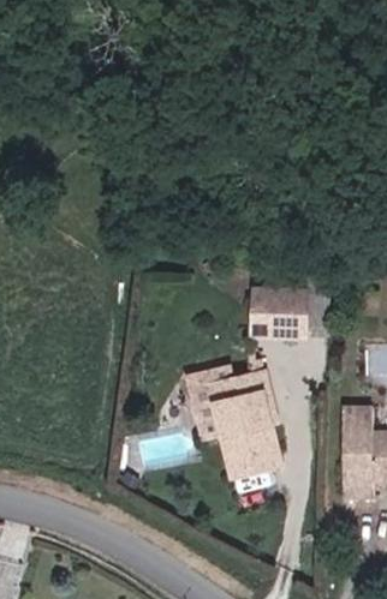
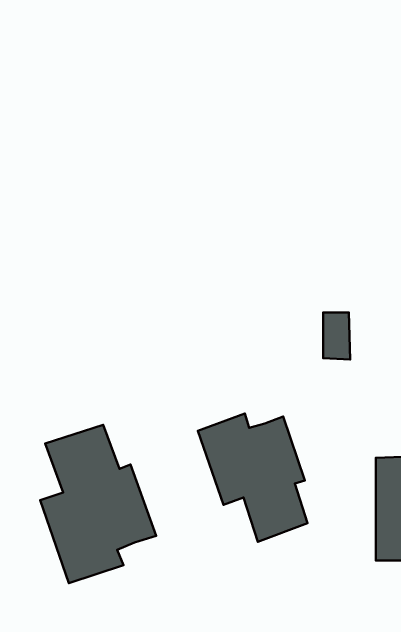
building: [240,283,297,323] -> none
building: none -> [40,425,156,583]

